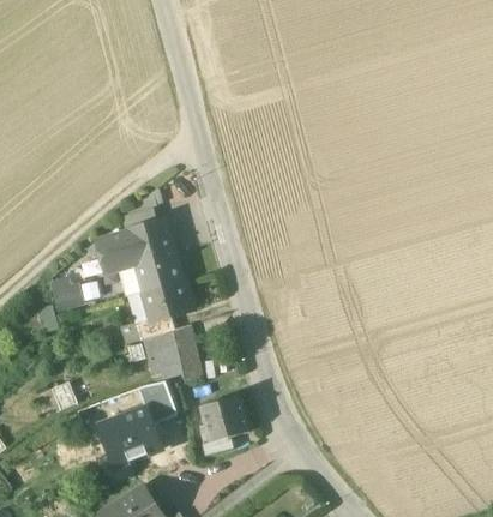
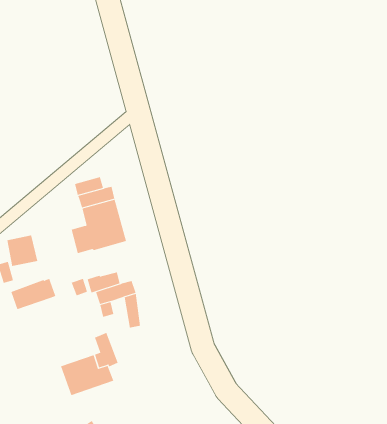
building: [95,234,136,275] -> none
building: [144,282,194,323] -> none
building: [100,389,151,425] -> [11,278,56,310]
building: [199,397,248,444] -> none

